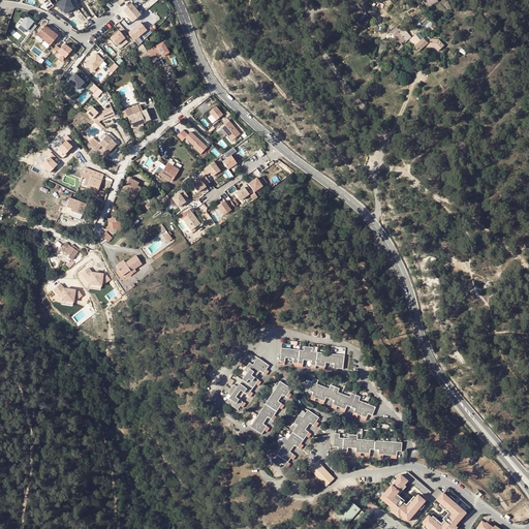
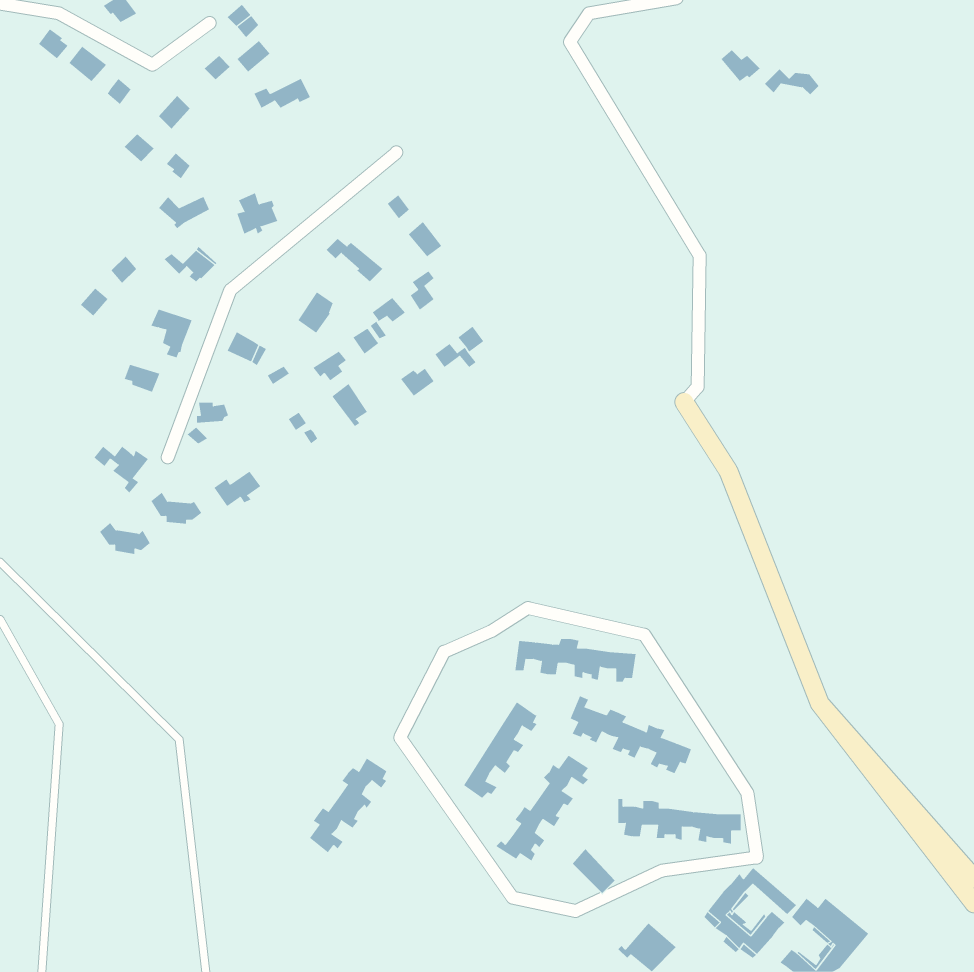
building: [226,357,269,409] -> [309,758,387,853]

